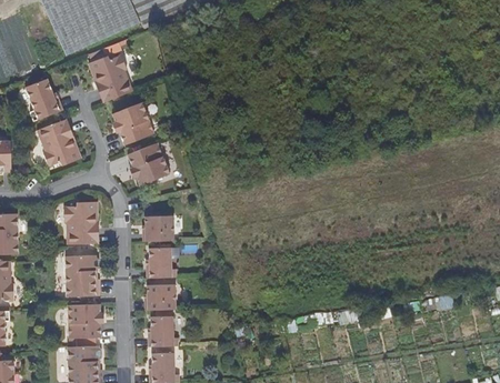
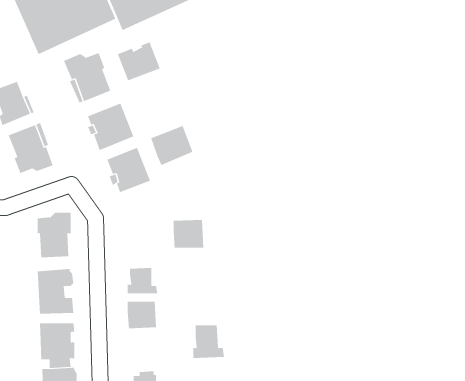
building: none -> [117,41,161,81]
building: none -> [150,125,193,166]
building: [146,213,174,240] -> [173,219,204,248]
building: [147,315,177,346] -> [192,325,225,358]

